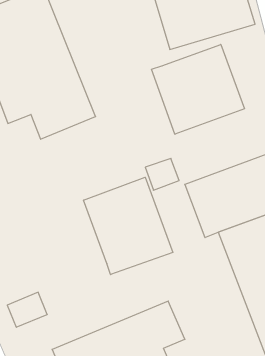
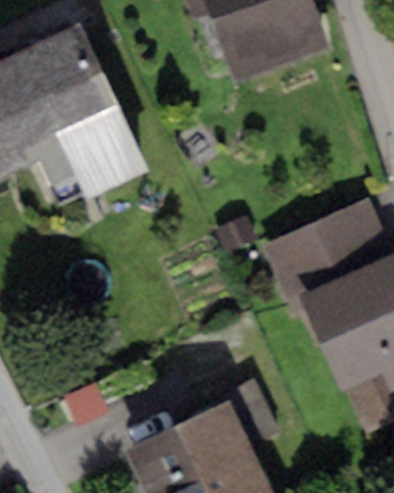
building: [152,44,244,134] -> none
building: [84,177,173,275] -> none

